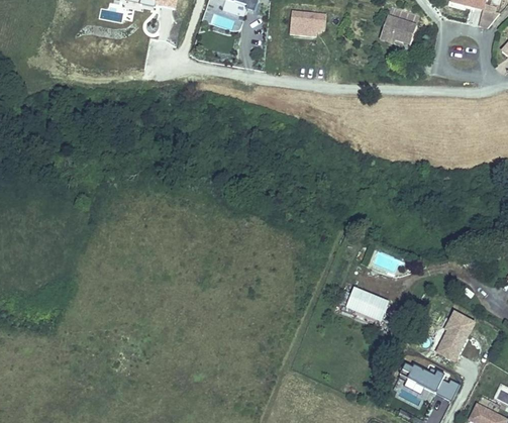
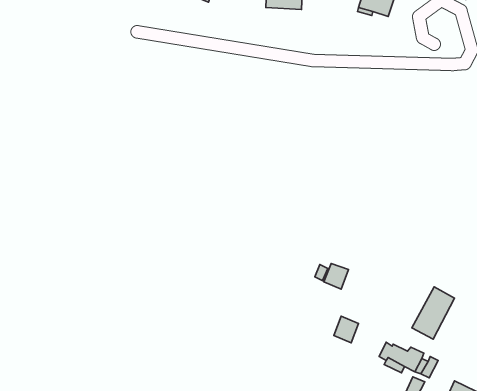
building: [364,294,388,320] -> [334,316,358,343]

